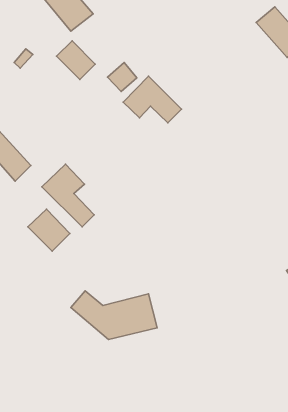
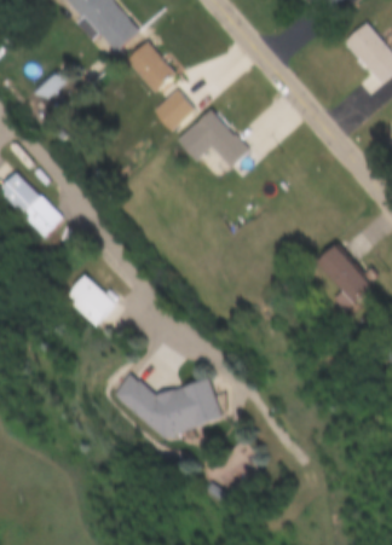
building: [56,41,95,80] -> [125,41,173,89]
building: [42,164,94,227] -> none
building: none -> [315,244,371,311]

